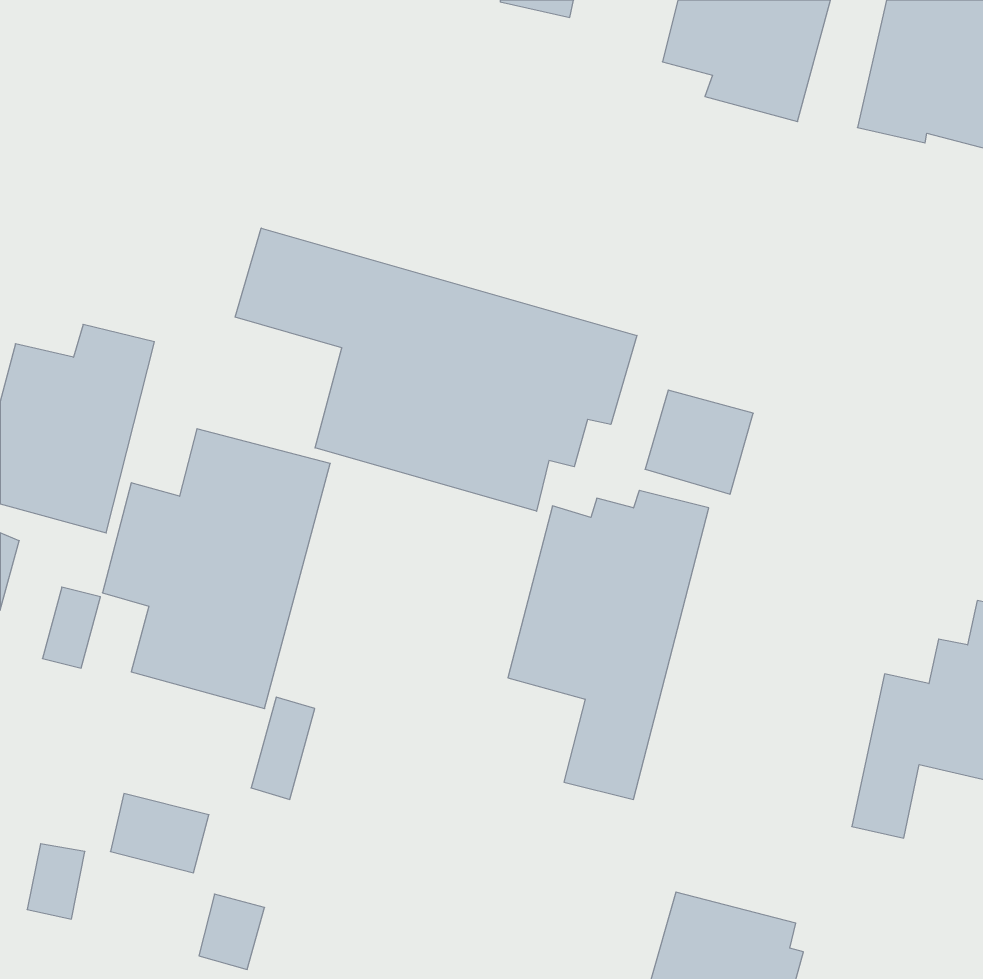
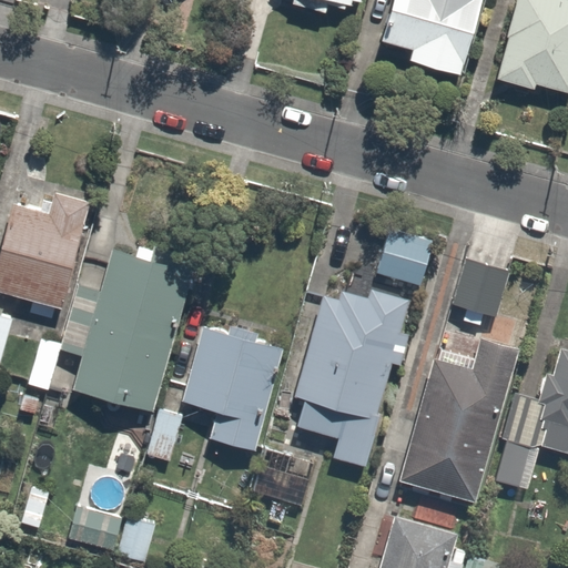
building: [235,228,637,511] -> none
building: none -> [452,256,511,316]
building: none -> [181,320,282,452]
building: none -> [398,338,517,501]
building: [110,794,209,873] -> [65,507,122,552]

